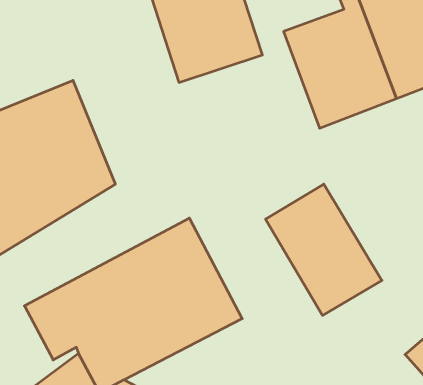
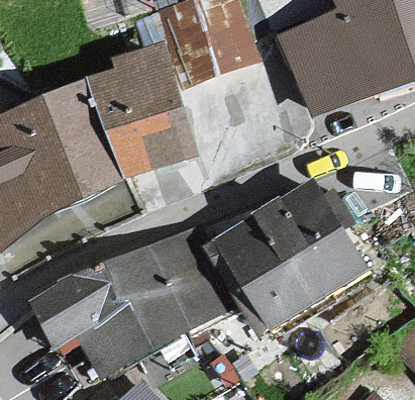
building: none -> [86,49,201,186]
building: none -> [214,214,314,333]

